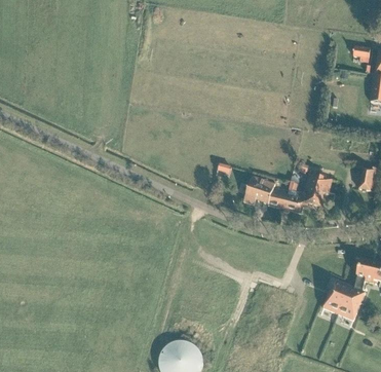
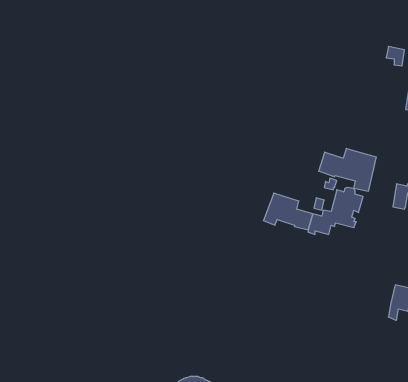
building: none -> [319,148,376,191]
building: [323,280,366,320] -> none

